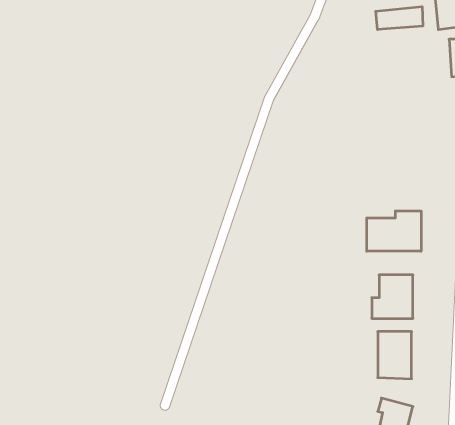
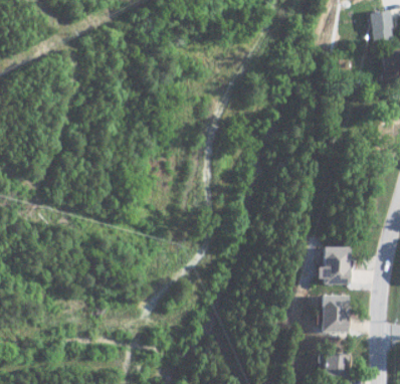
building: [376,7,423,30] -> none
building: [367,211,421,251] -> none

